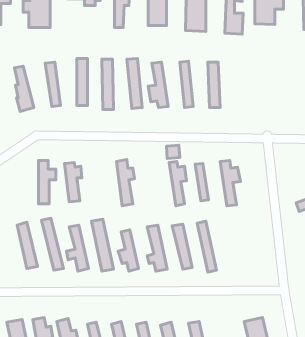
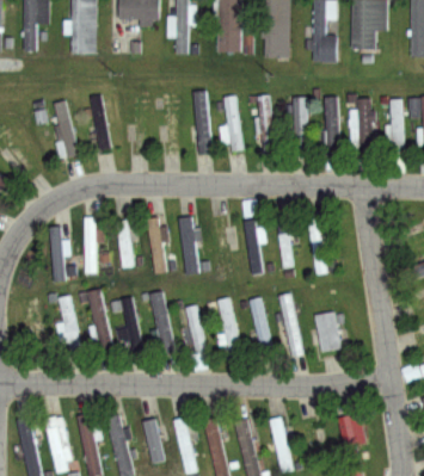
building: none -> [320,98,339,156]
building: none -> [350,98,377,155]
building: none -> [386,100,405,155]
building: none -> [147,218,170,273]
building: none -> [49,228,72,280]
building: none -> [317,313,342,353]

